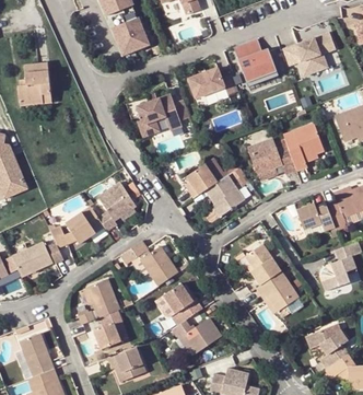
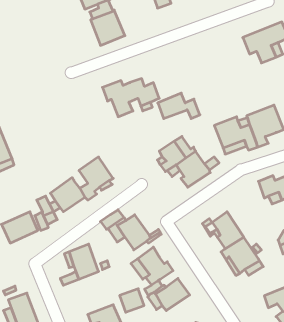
building: [232,39,276,84] -> none
building: [16,65,50,104] -> none
building: [189,67,236,95] -> [158,93,200,119]
building: [94,324,121,350] -> [120,289,144,312]

